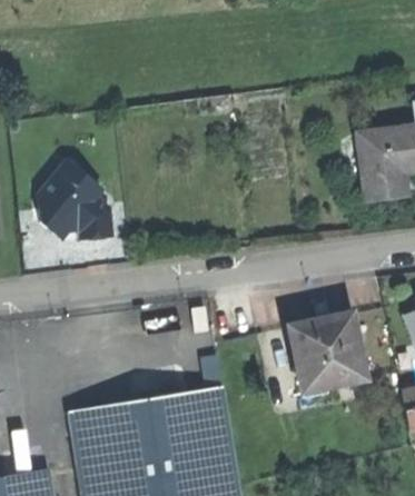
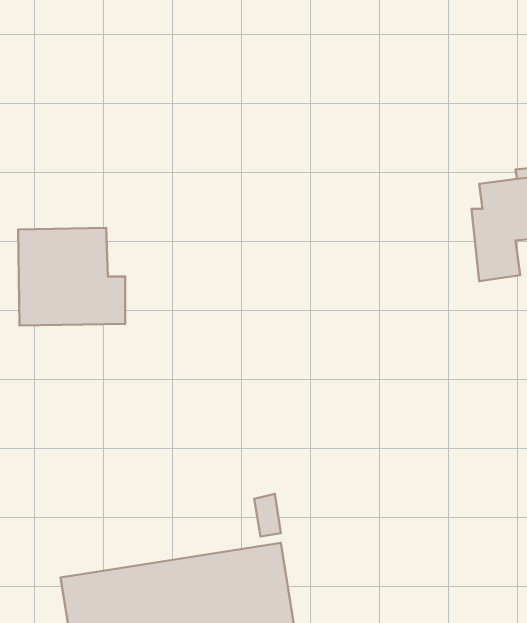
building: [288,317,362,391] -> none

